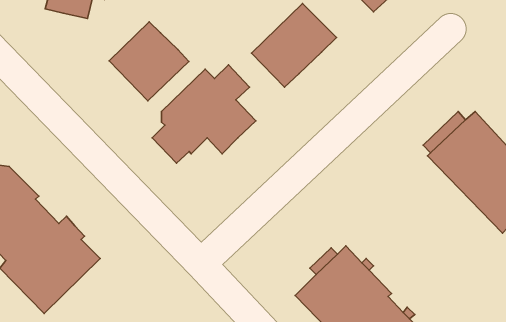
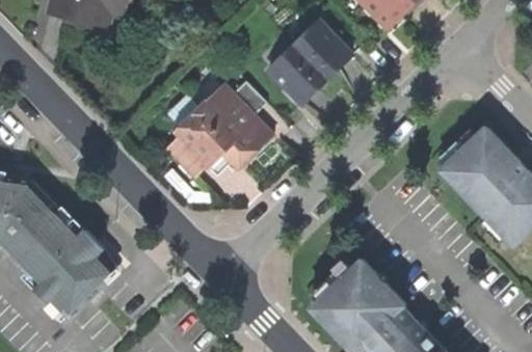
building: [109,22,189,101] -> none

